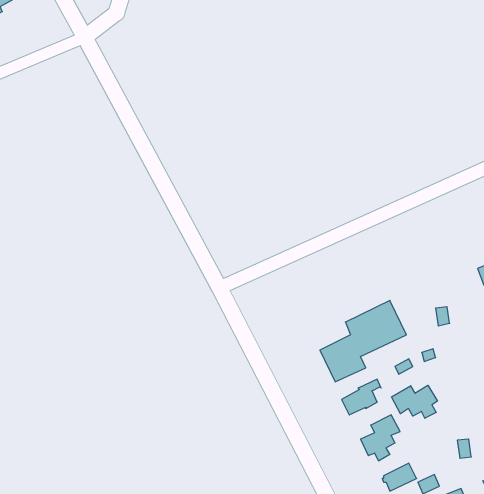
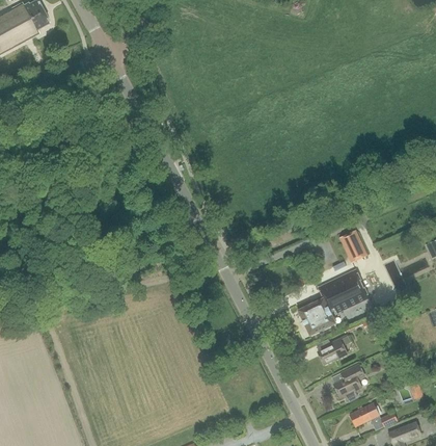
building: none -> [339,230,366,261]
building: [391,385,437,418] -> none

